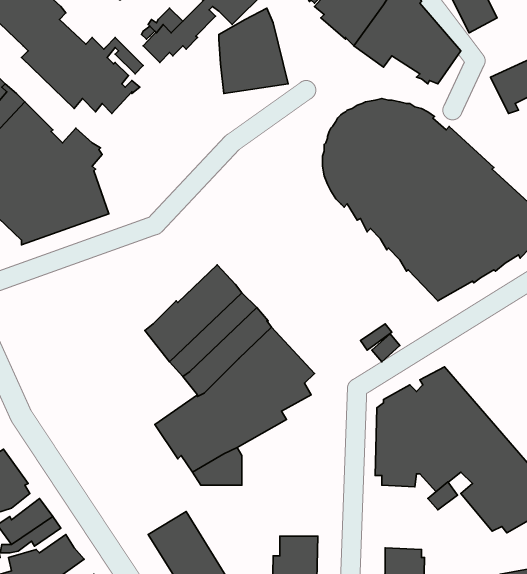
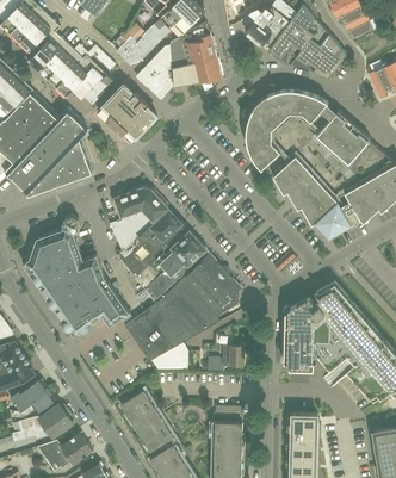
building: none -> [140,46,173,100]
building: none -> [97,85,156,143]
building: none -> [110,188,168,253]
building: none -> [23,216,129,336]
building: none -> [208,347,243,372]

